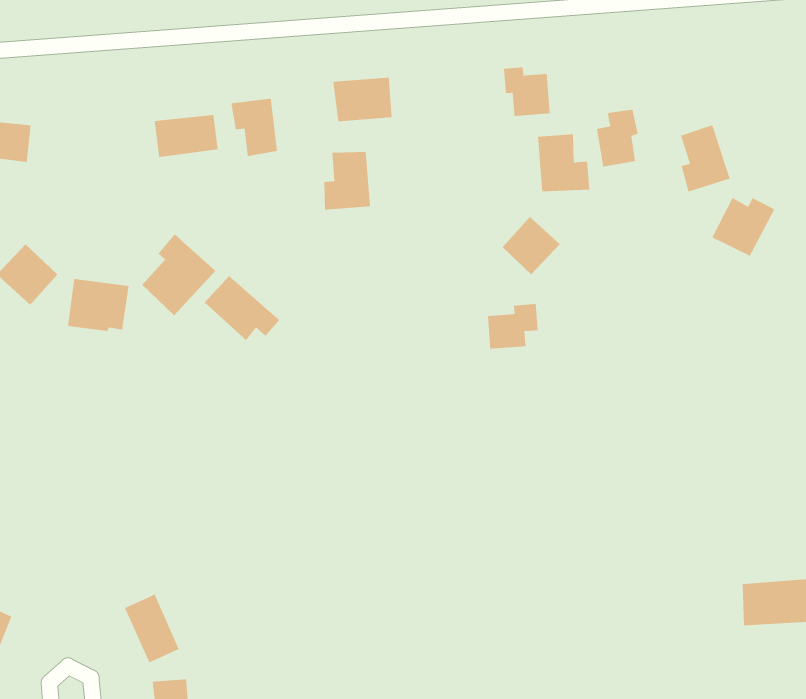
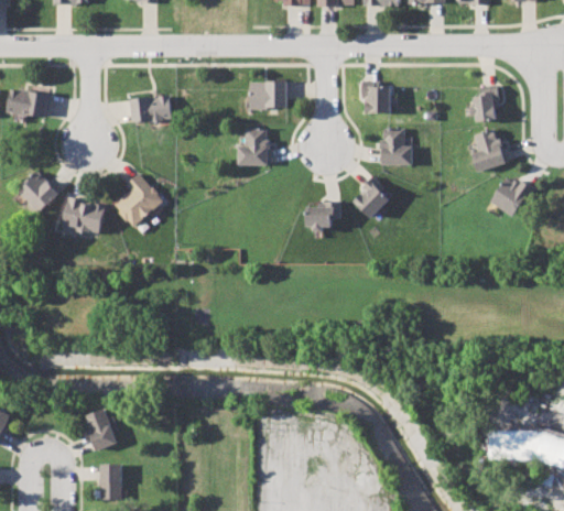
building: [231,98,278,157] -> none
building: [596,109,639,167] -> [471,86,499,122]
building: [204,275,280,341] -> none
building: [487,304,539,349] -> [307,202,340,229]

